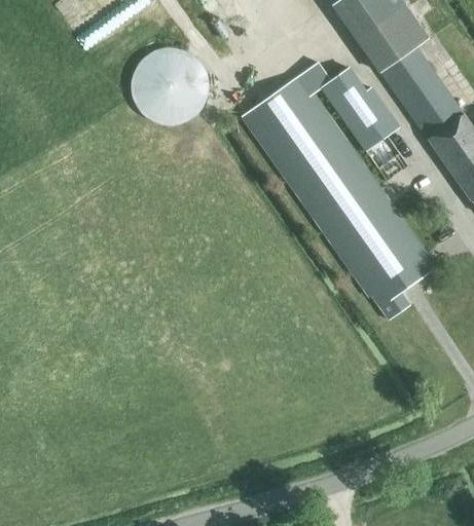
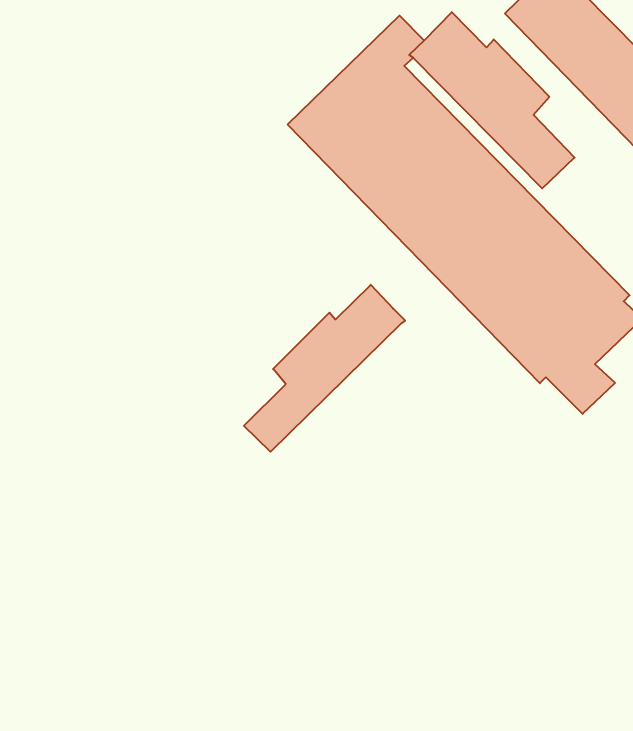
building: [131,46,209,123] -> none
building: none -> [244,285,405,452]

